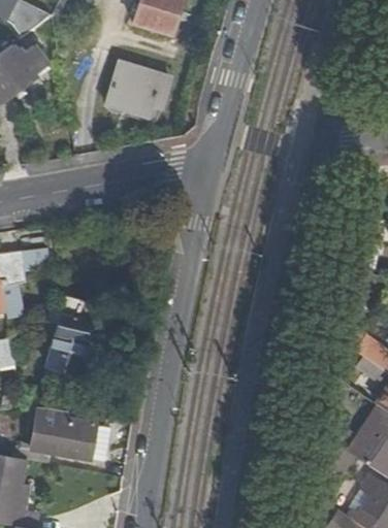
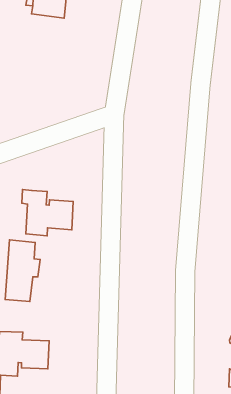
building: [105,61,167,112] -> none
building: none -> [22,190,73,236]

